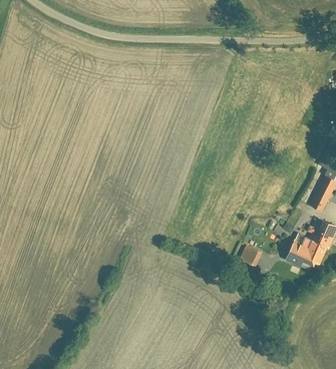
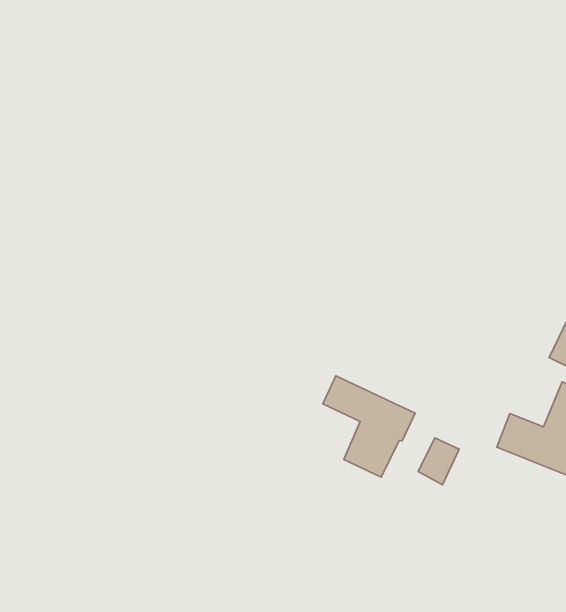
building: none -> [323,376,415,477]

